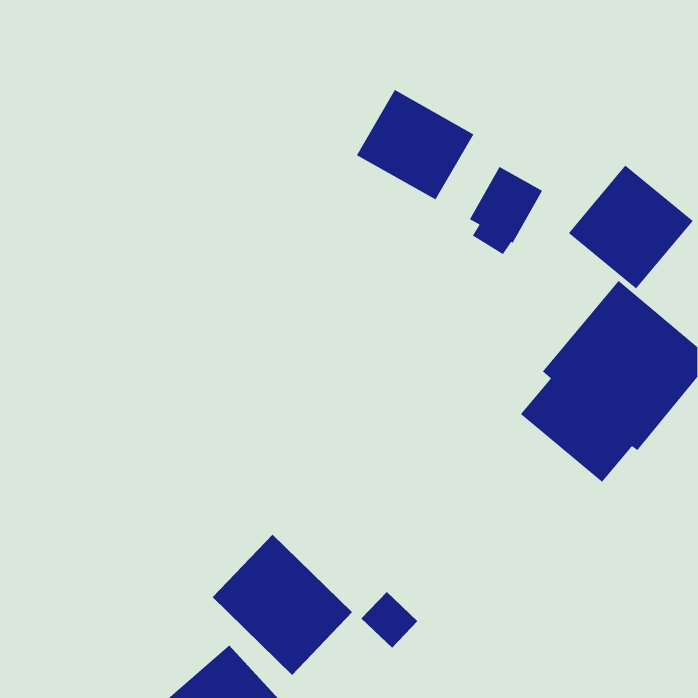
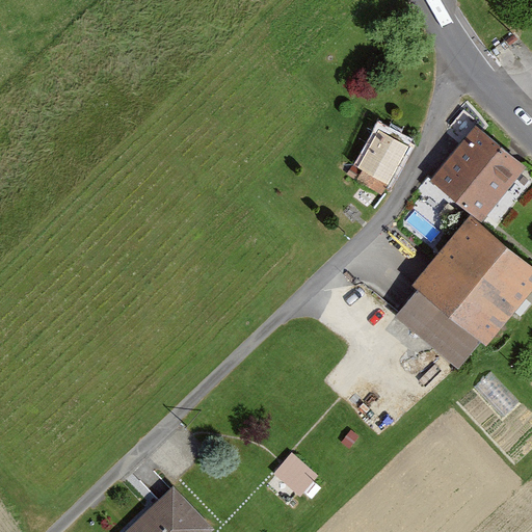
building: [356,89,475,200] -> none
building: [212,534,353,676] -> none

